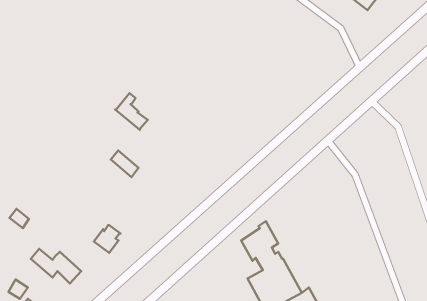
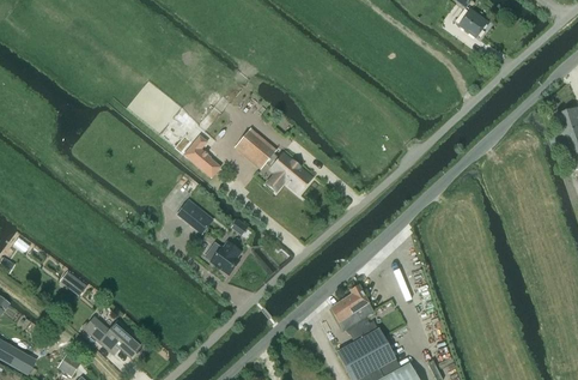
building: none -> [235,127,311,193]
building: [94,225,121,253] -> [209,241,241,273]

